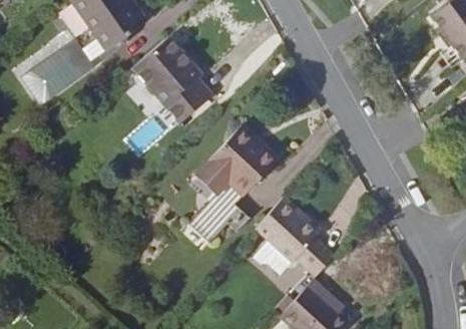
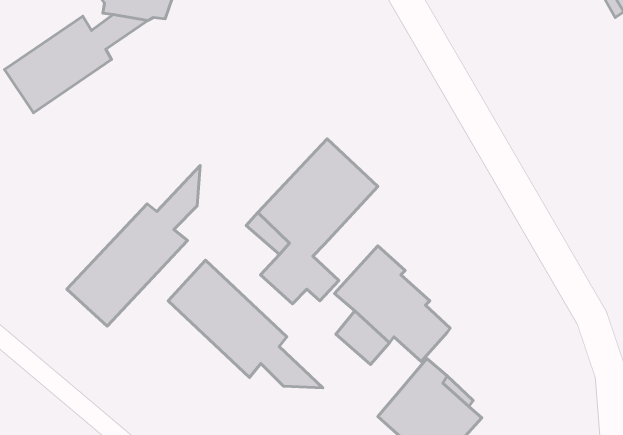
building: [129,35,211,126] -> none
building: none -> [67,166,200,326]
building: none -> [168,260,323,388]

